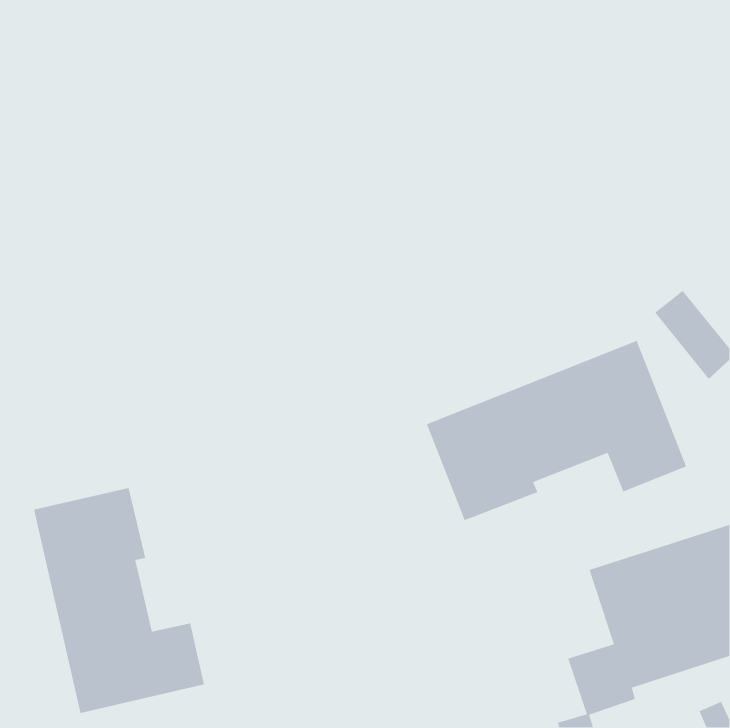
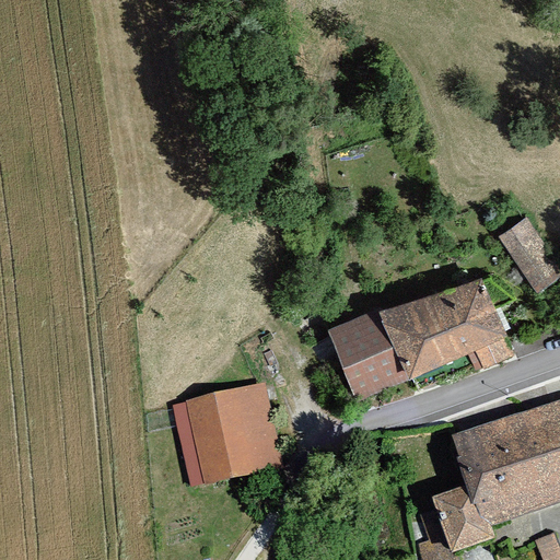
building: [33,487,205,714] -> none
building: none -> [172,384,282,487]

